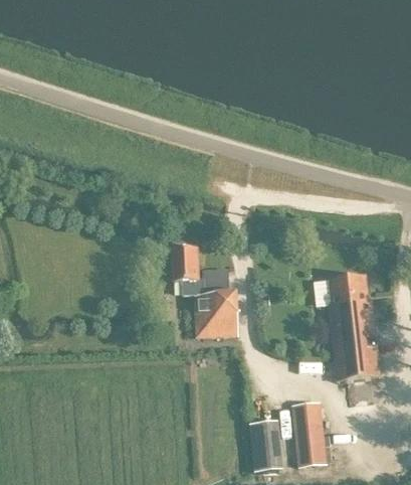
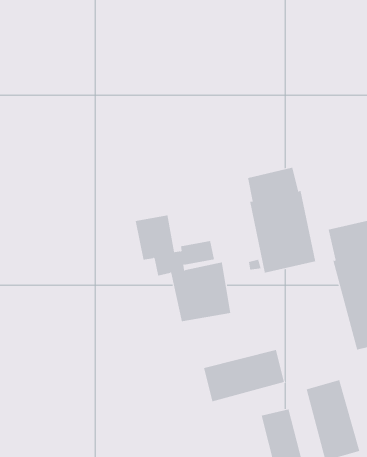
building: none -> [247,167,316,273]
building: none -> [204,349,284,402]

